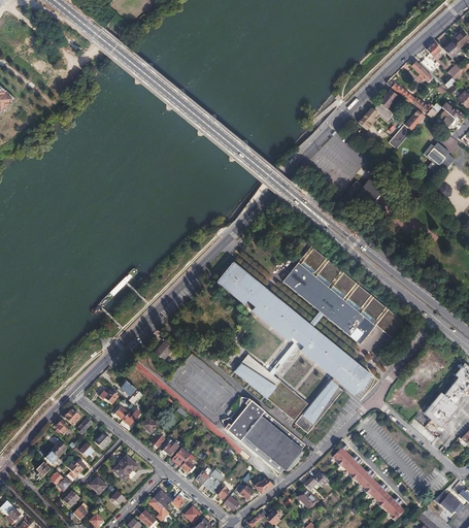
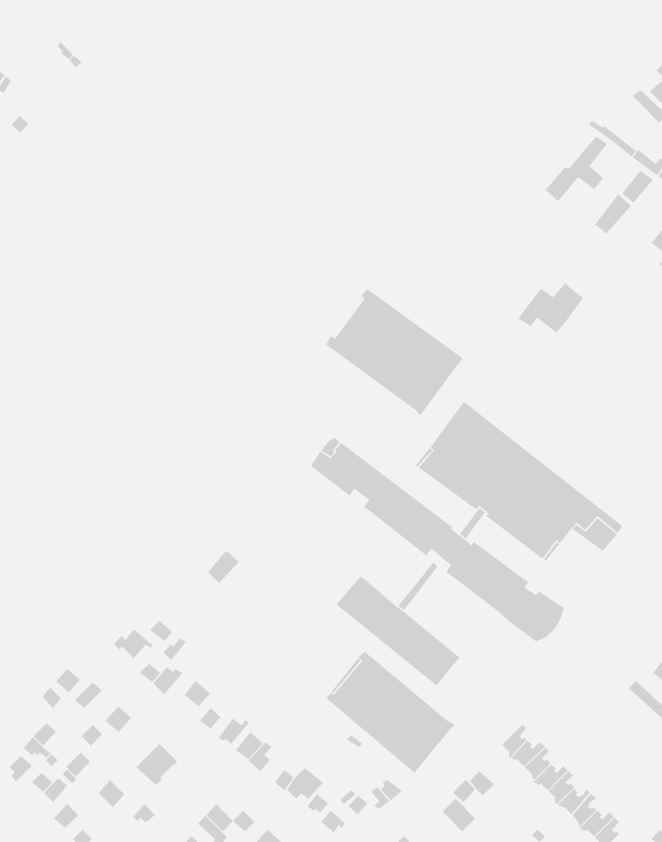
building: none -> [325,288,464,417]
building: [295,380,342,432] -> none

